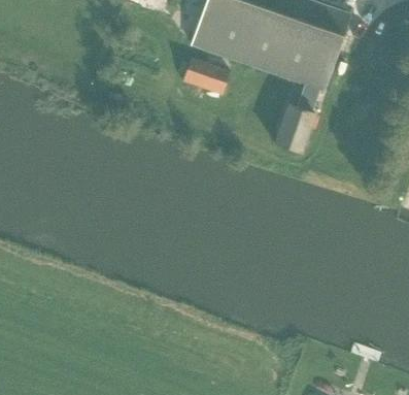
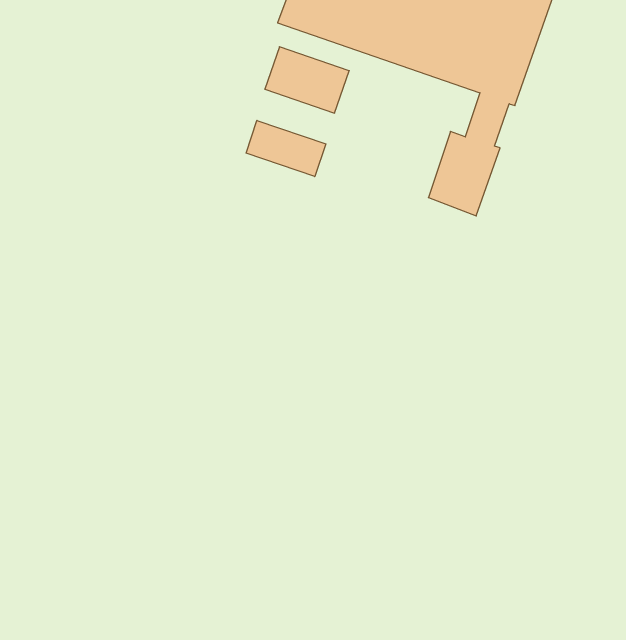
building: none -> [246,120,326,177]

